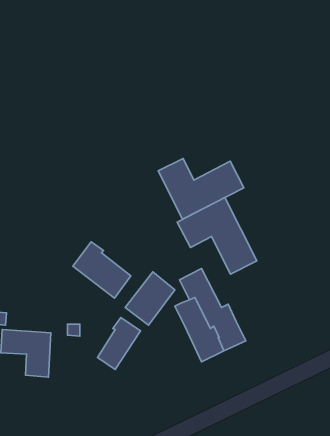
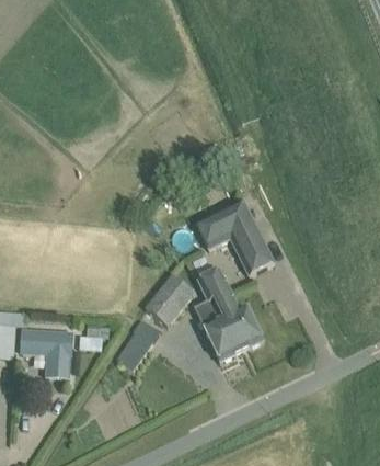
building: [158,159,244,219] -> none
building: [73,242,131,298] -> none

